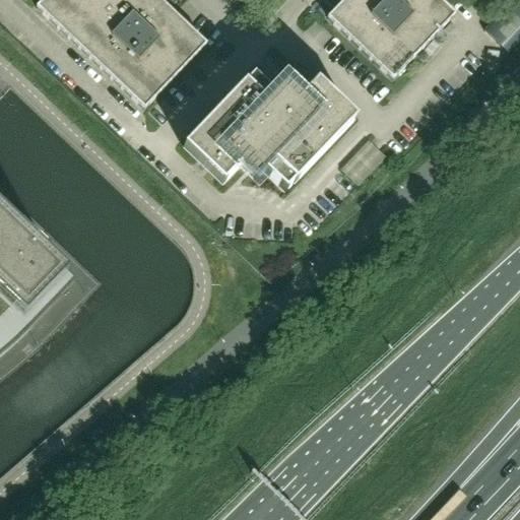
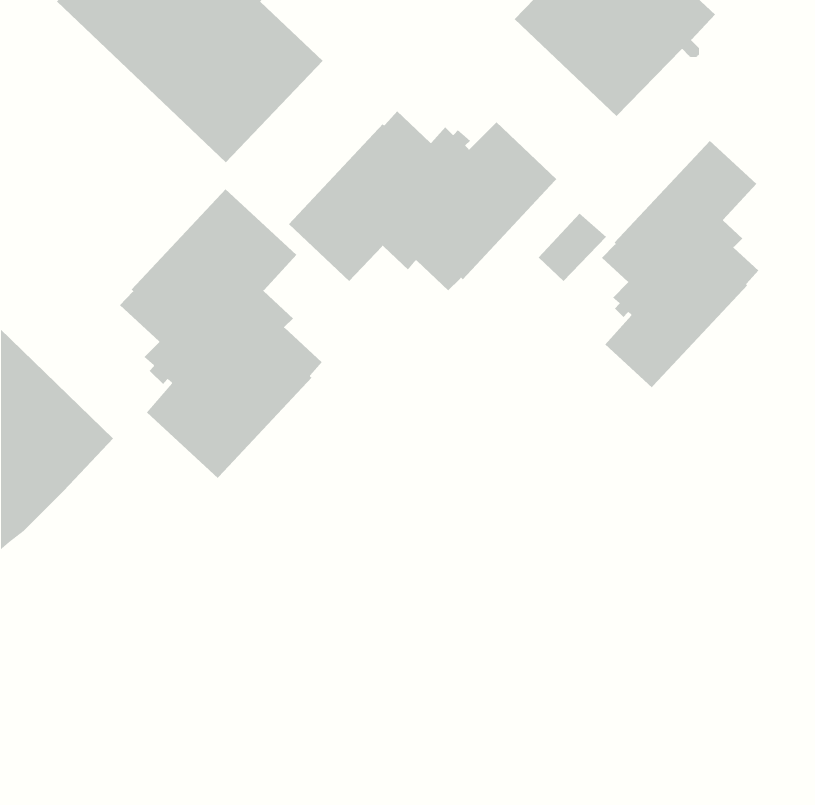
building: none -> [601,140,759,388]
building: none -> [119,188,322,479]

